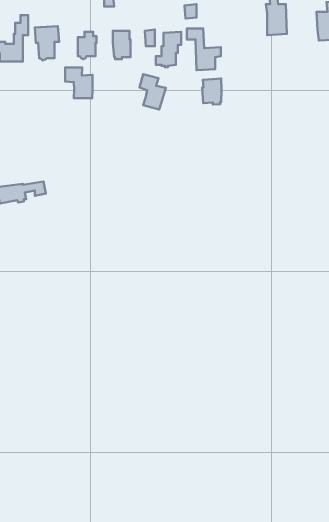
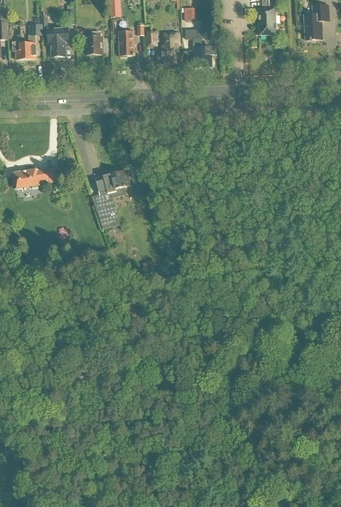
building: [65,67,92,98] -> none
building: [139,74,166,110] -> none
building: [202,79,222,105] -> none
building: none -> [96,169,131,228]

